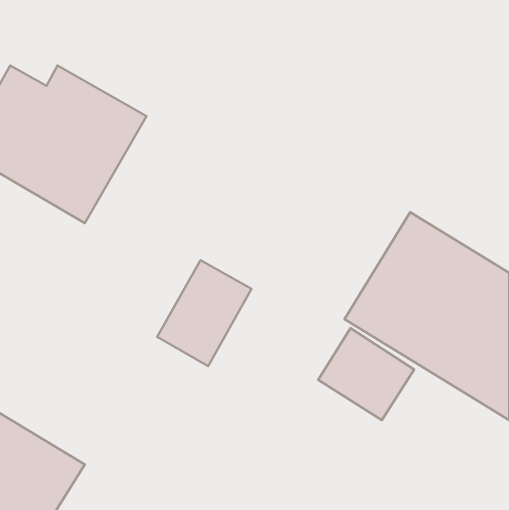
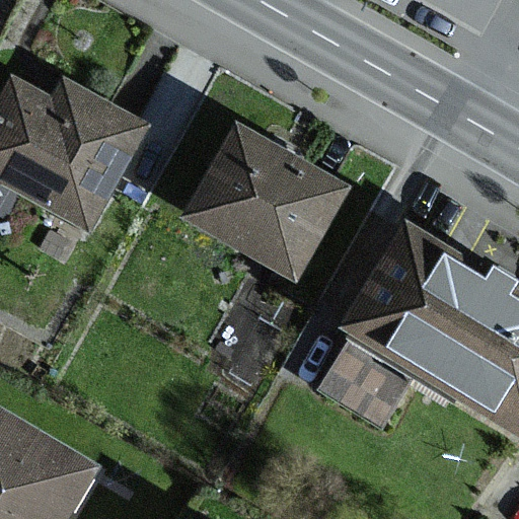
building: none -> [190,125,348,275]
building: [157,260,251,366] -> none

